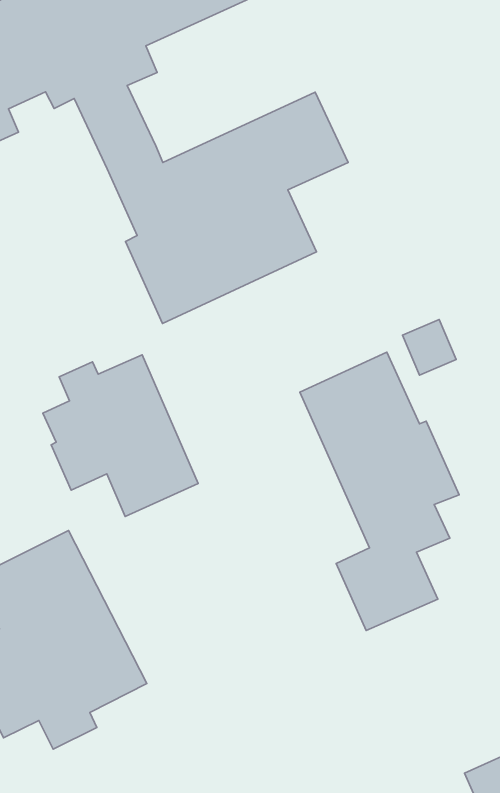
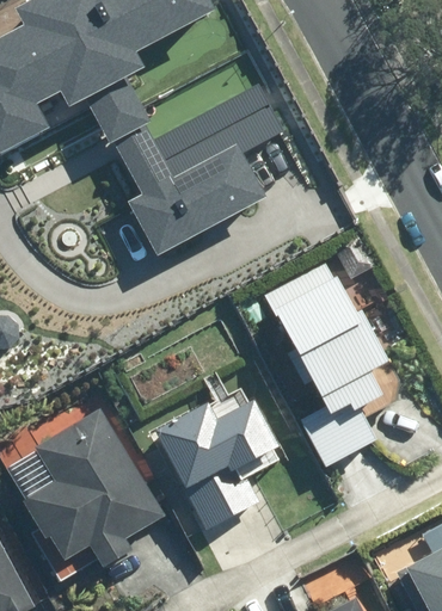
building: [43,355,198,516] -> none
building: none -> [154,402,282,531]

